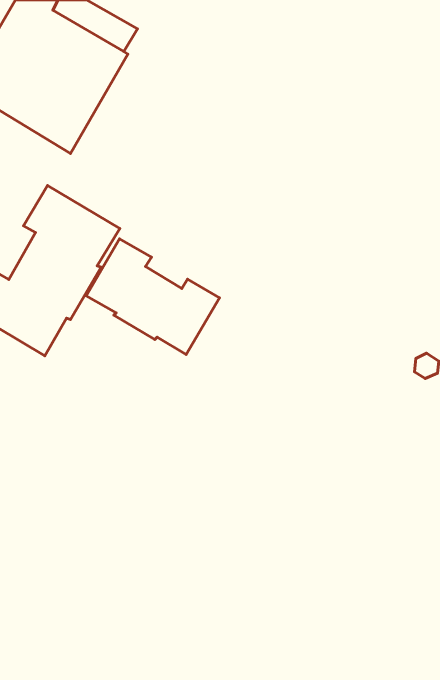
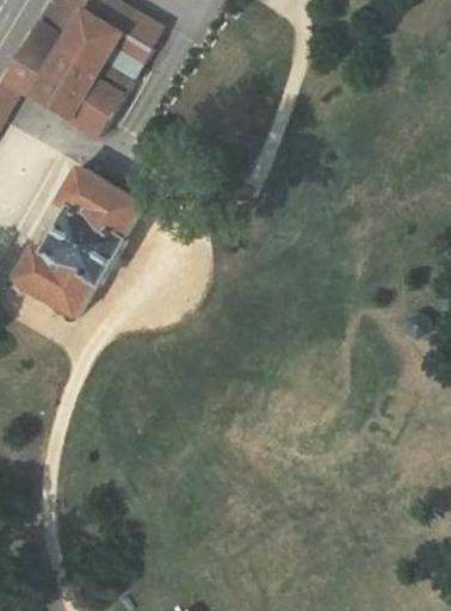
building: [86,239,219,355] -> none

